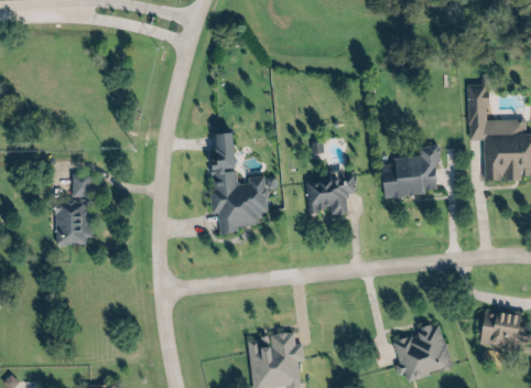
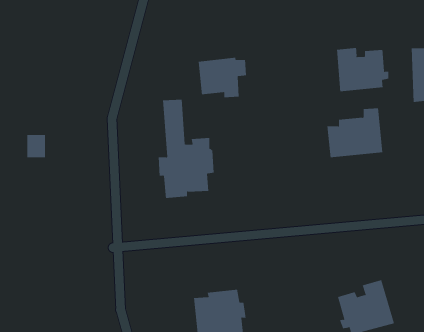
building: none -> [337,47,389,92]
building: [305,173,356,215] -> [198,57,247,98]
building: [56,201,90,245] -> none

